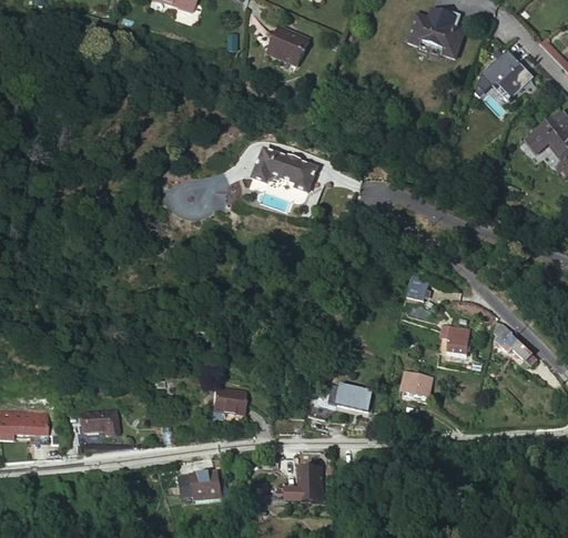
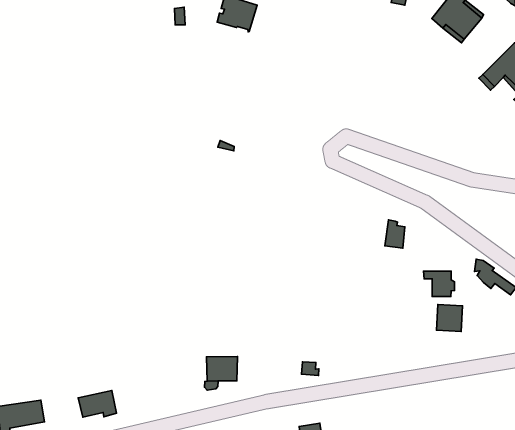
building: [254,160,307,195] -> none
building: [404,370,433,400] -> [436,304,462,332]
building: [329,382,372,409] -> none

